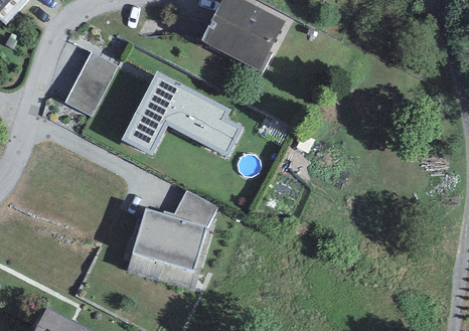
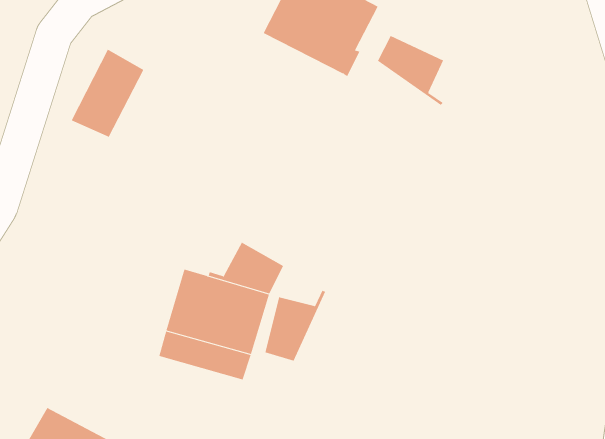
building: none -> [377,35,444,106]
building: [121,70,243,156] -> none
building: none -> [265,290,326,362]

